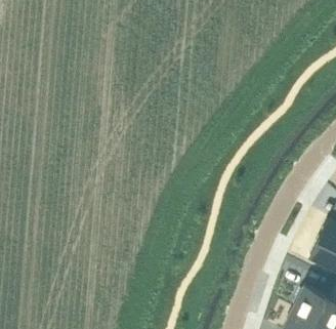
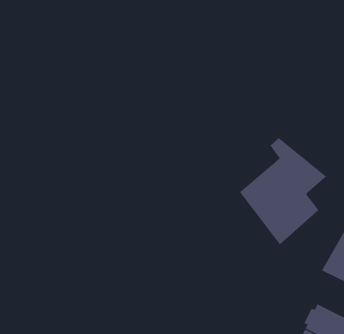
building: none -> [239,137,327,245]

